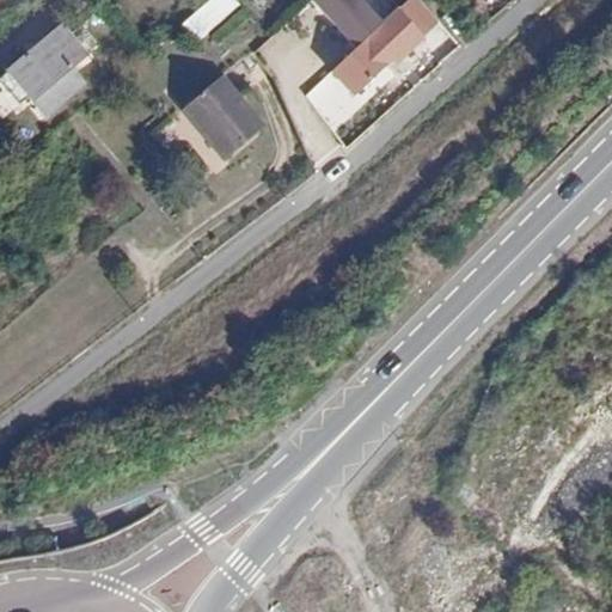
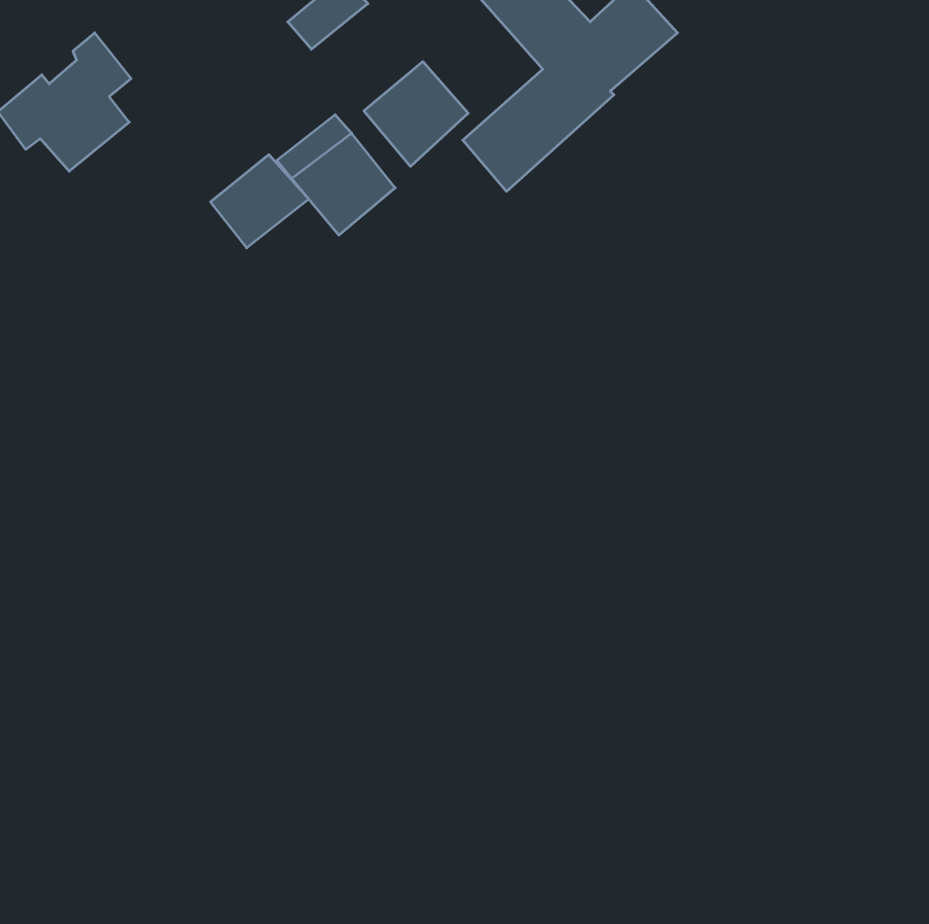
building: none -> [364,62,468,166]
building: none -> [211,155,309,248]

